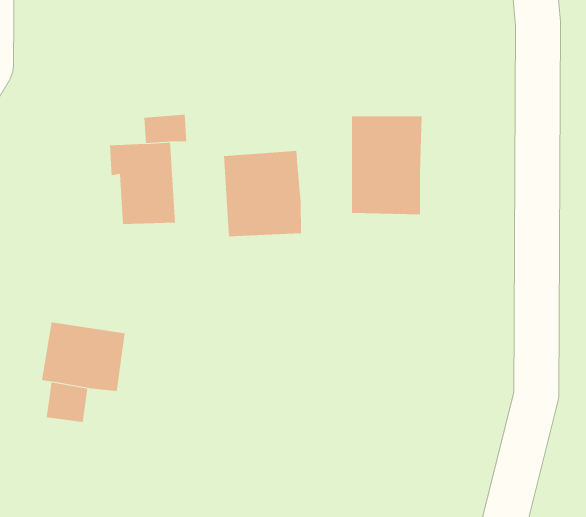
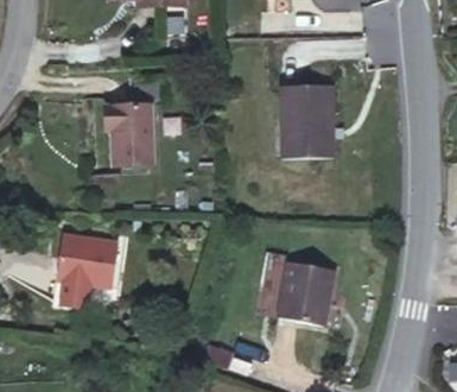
building: [223,150,302,237] -> none
building: none -> [277,261,332,325]

